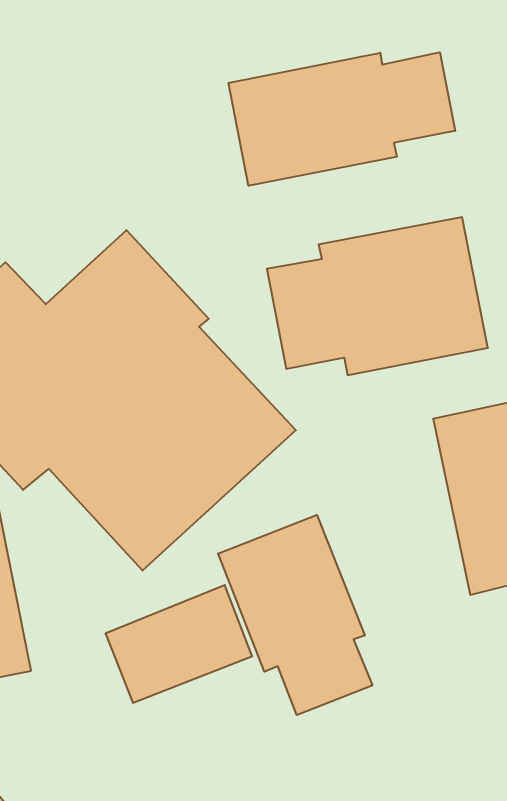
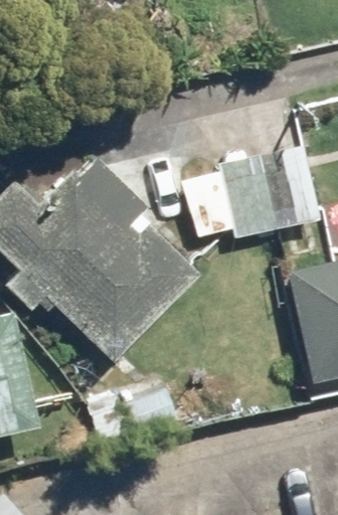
building: [229,52,455,186] -> none
building: [218,515,372,715] -> none

